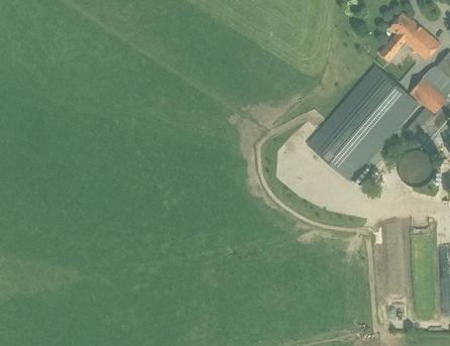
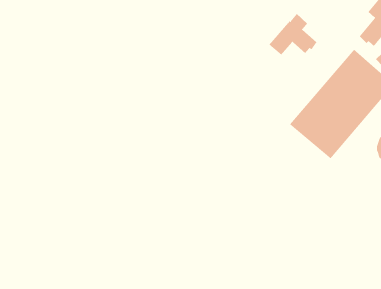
building: none -> [269,13,317,56]

